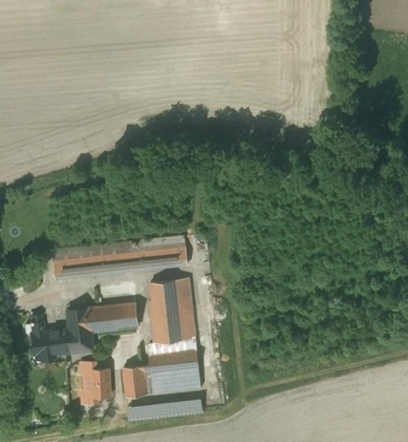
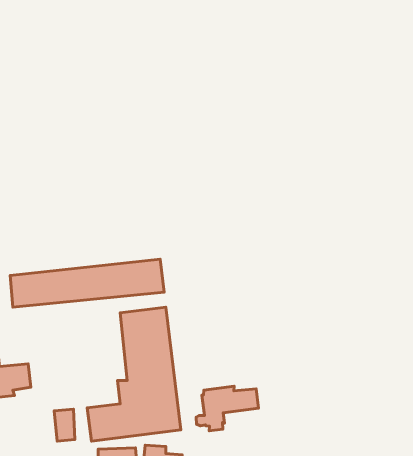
building: [66,303,138,353] -> none
building: none -> [196,386,259,431]

